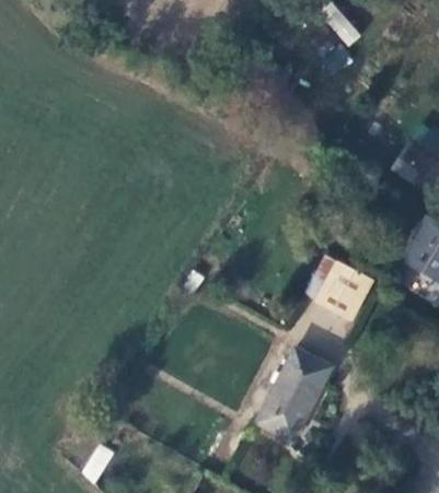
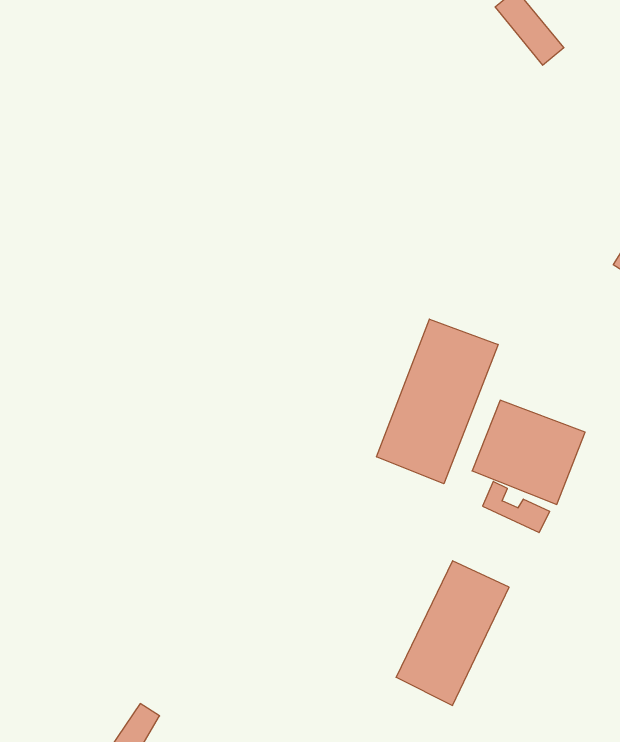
building: none -> [377,319,498,484]

